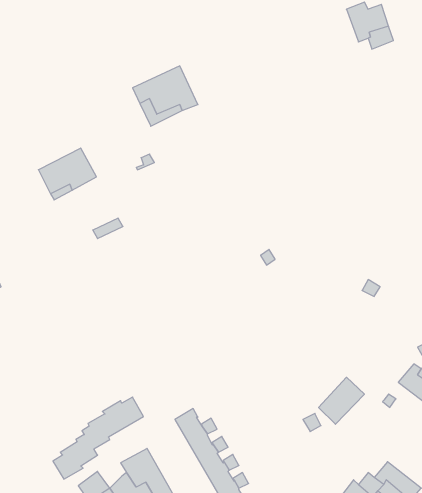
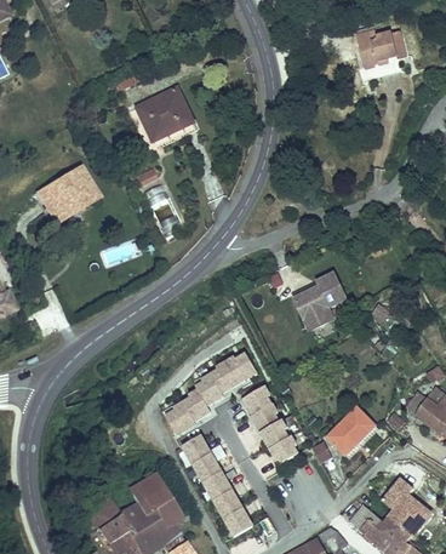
building: none -> [295,274,345,333]
building: none -> [241,384,297,463]
building: [53,397,143,479] -> [165,352,256,434]

